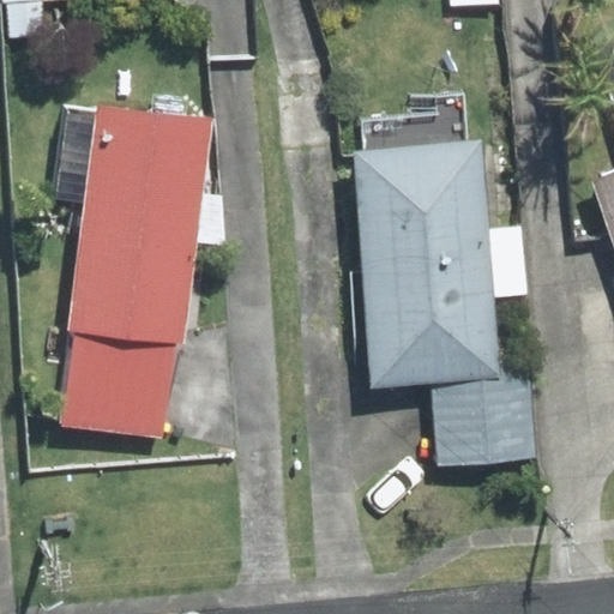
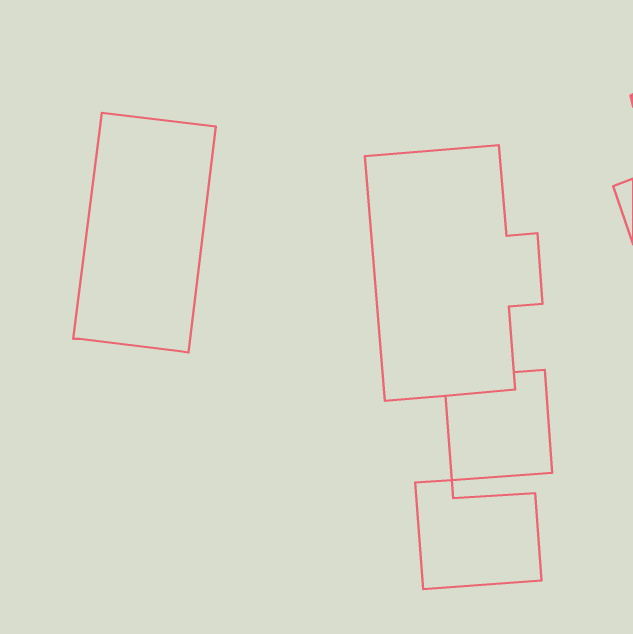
building: [61,327,174,437] -> none
building: none -> [415,480,541,589]

